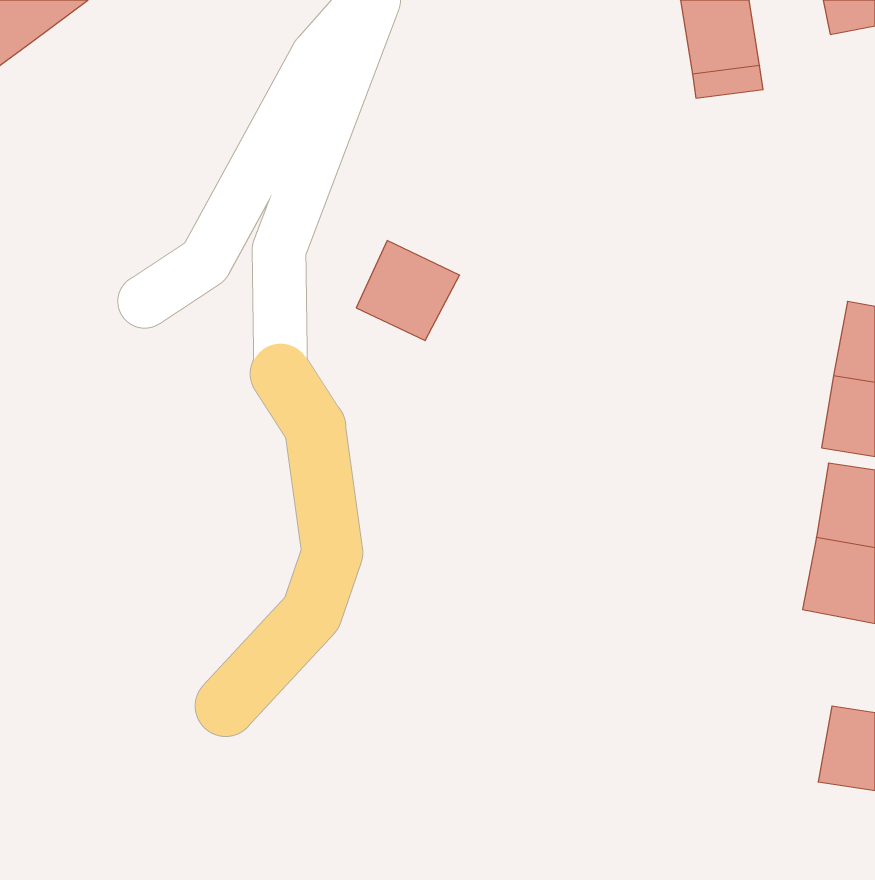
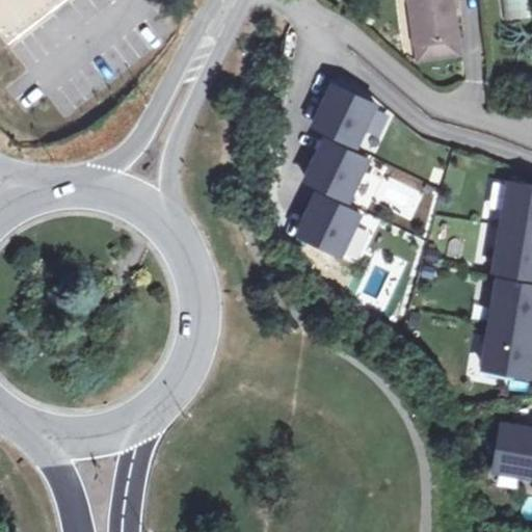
building: none -> [316,82,376,142]
building: [356,241,460,341] -> [308,137,370,197]
building: none -> [299,192,361,252]

